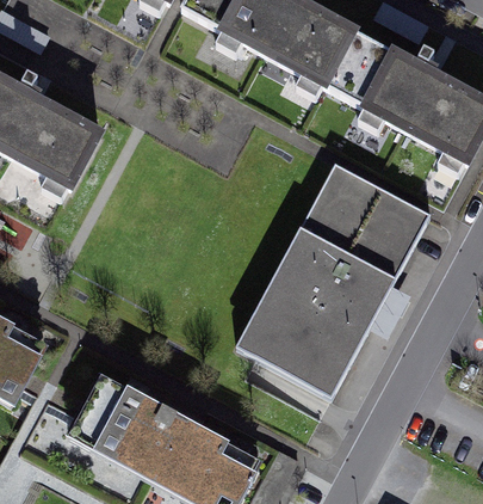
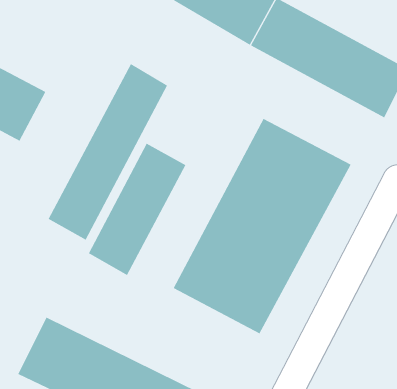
building: none -> [48,63,168,241]
building: none -> [88,143,186,276]

